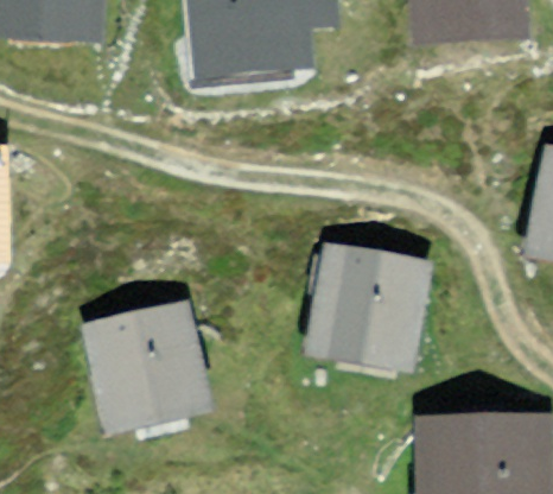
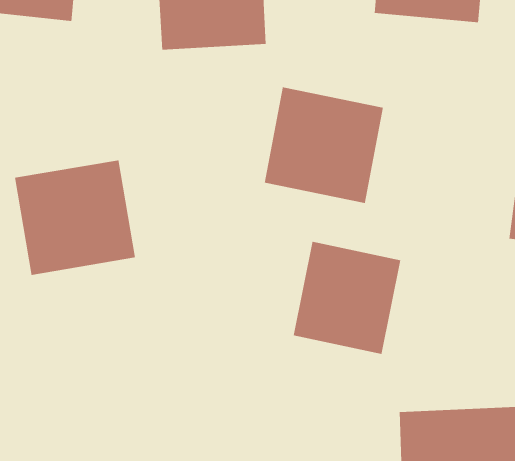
building: none -> [264,87,384,204]
building: [82,304,203,419] -> [14,160,136,275]

